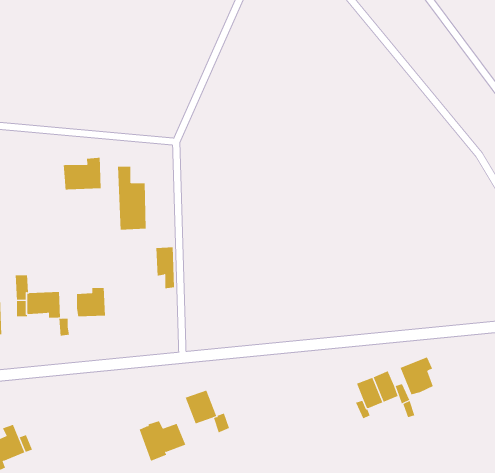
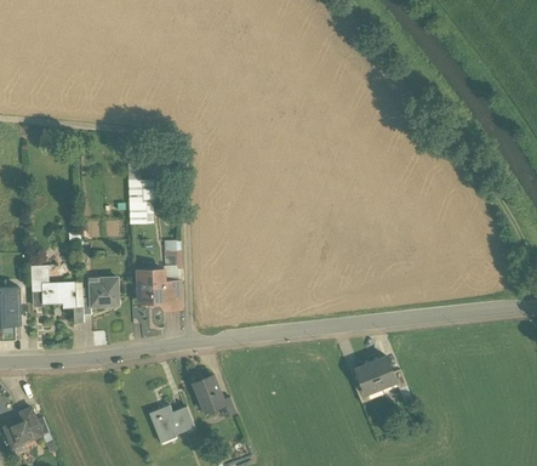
building: [63,157,101,190] -> none
building: none -> [137,271,178,309]
building: [400,357,434,395] -> none

